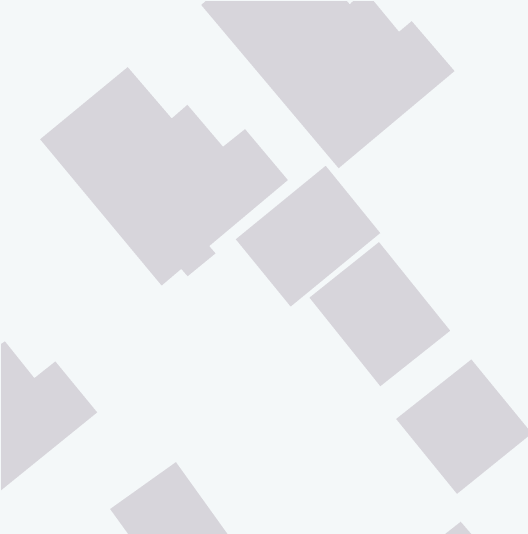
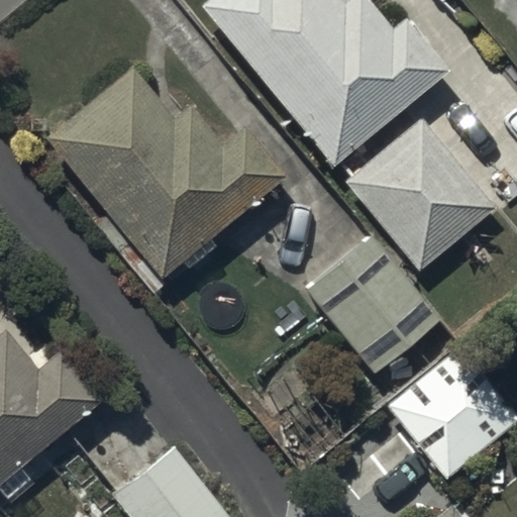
building: none -> [344,117,497,272]
building: [234,165,382,308] -> none

